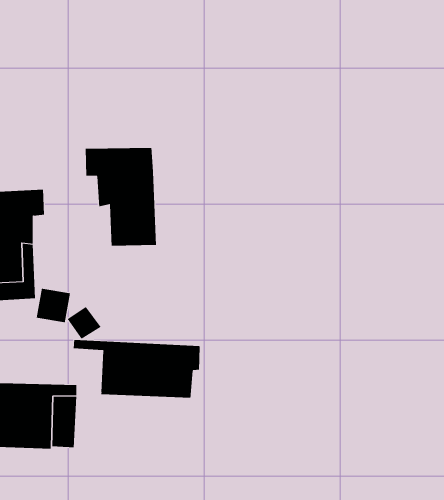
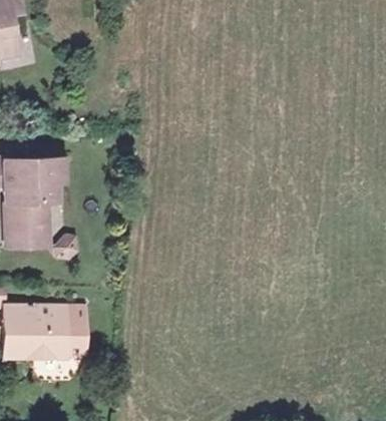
building: [85,147,156,246] -> none
building: [73,339,200,399] -> none

